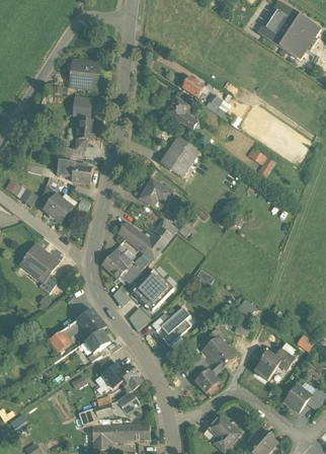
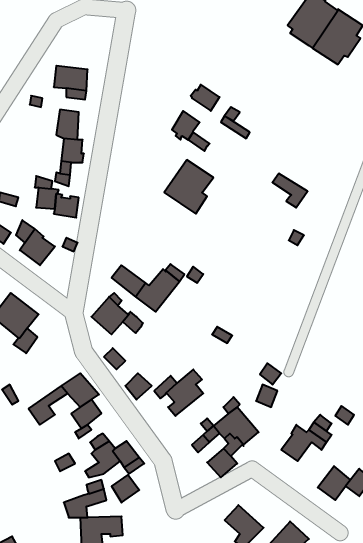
building: [140,178,173,206] -> none
building: [134,271,173,310] -> none
building: [126,424,150,440] -> none

